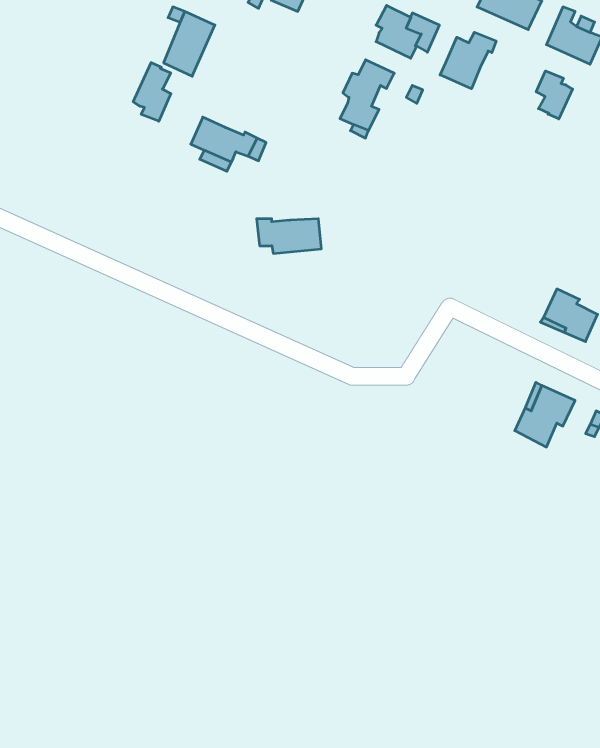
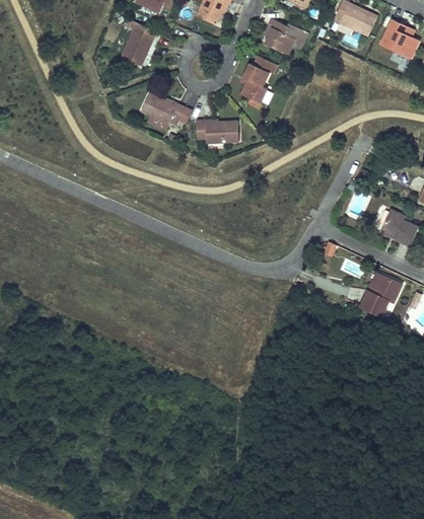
building: [440,32,496,89] -> none
building: [133,63,171,121] -> none
building: [536,71,573,119] -> none
building: [257,219,321,253] -> [196,121,239,144]

